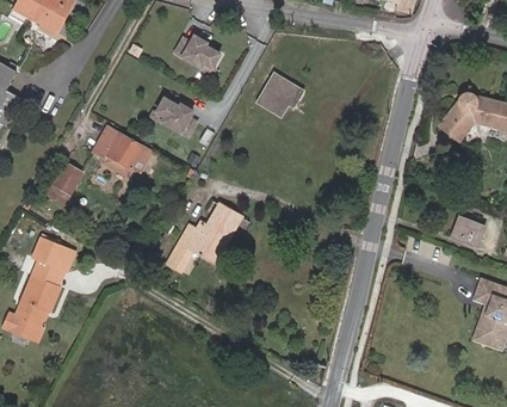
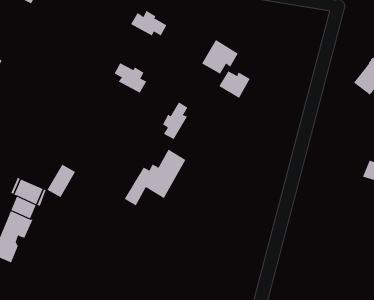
building: none -> [219,70,251,99]
building: [94,127,144,175] -> none
building: none -> [162,101,188,140]
building: [48,162,82,203] -> [47,164,76,198]

